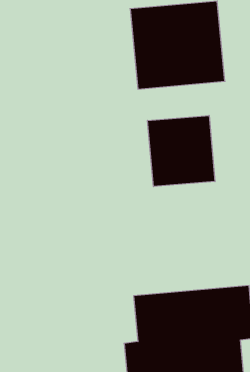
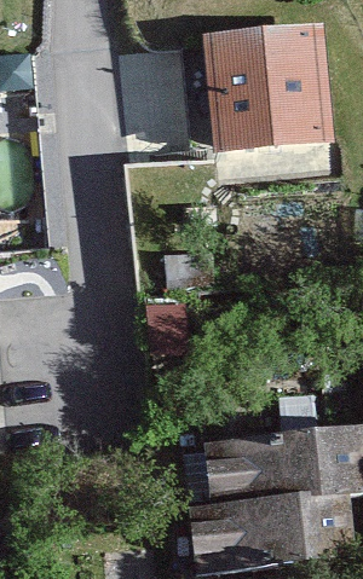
building: [148,115,215,187] -> none

